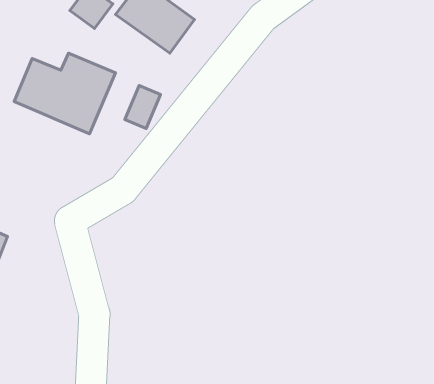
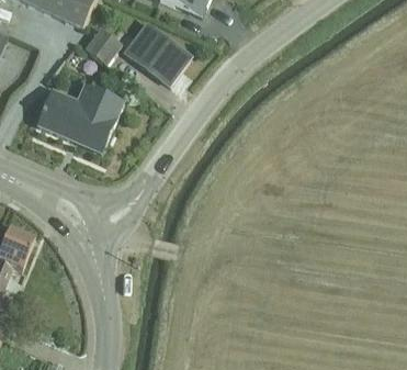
building: [125,86,161,129] -> none

